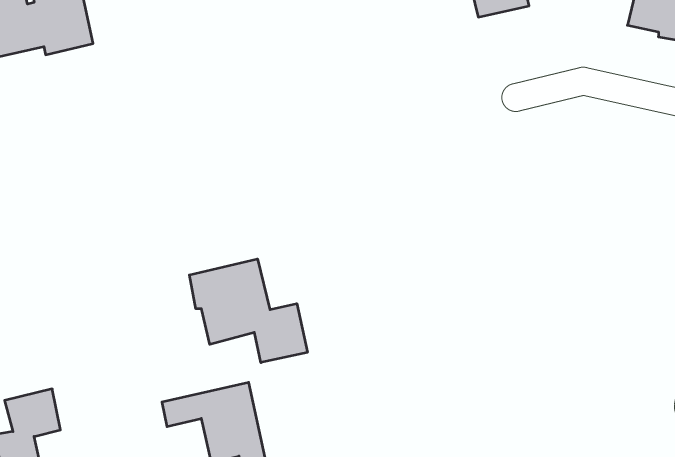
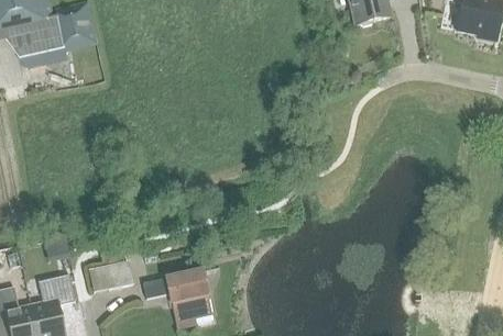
building: [189,259,307,363] -> none
building: none -> [88,260,132,293]

